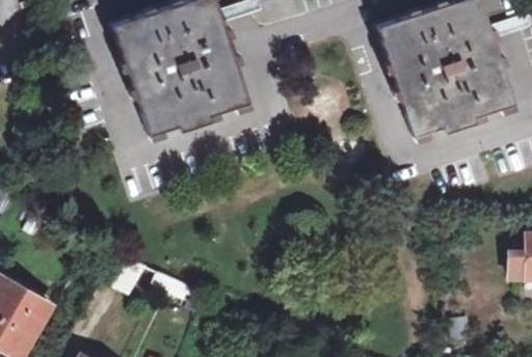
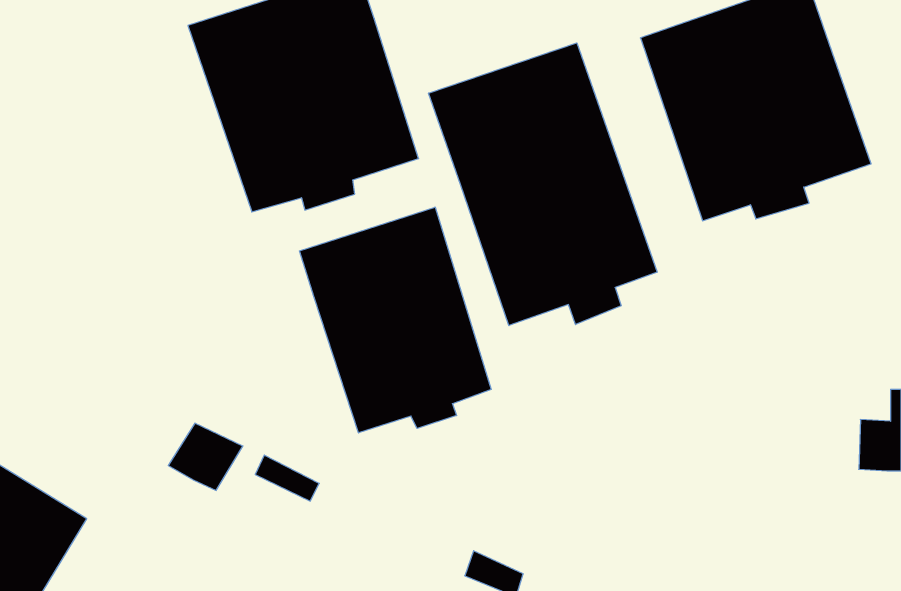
building: none -> [429,43,657,326]
building: none -> [299,207,491,433]

